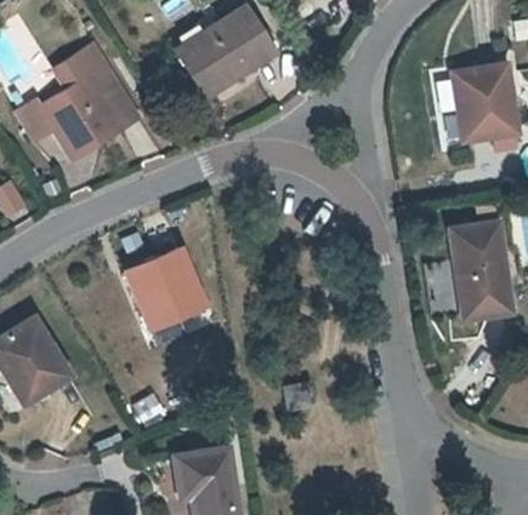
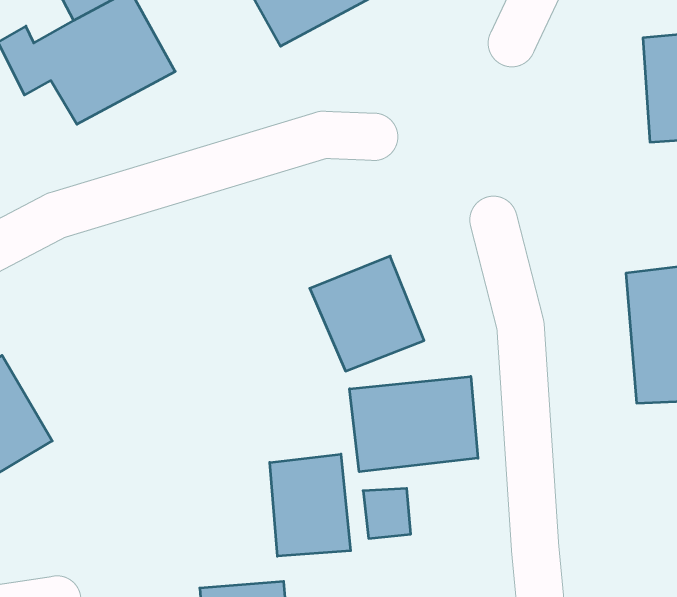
building: [127,251,206,330] -> [310,256,424,371]
building: none -> [350,376,478,472]
building: none -> [270,454,351,556]

